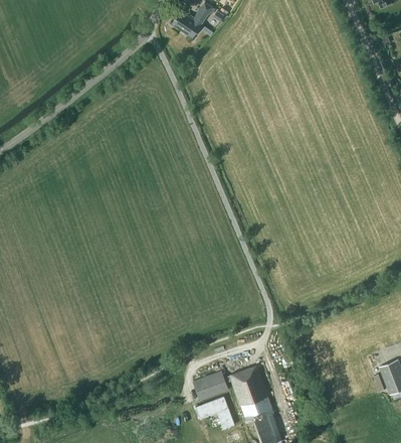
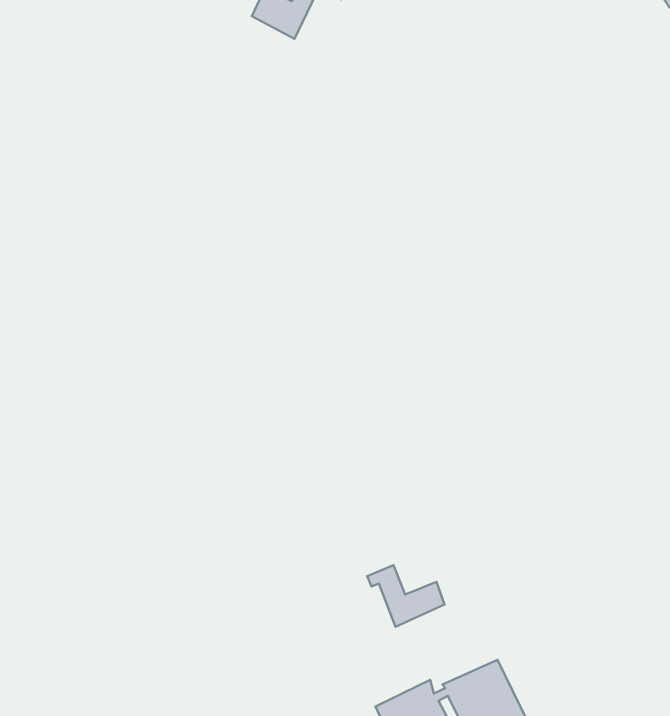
building: none -> [367,565,445,627]

